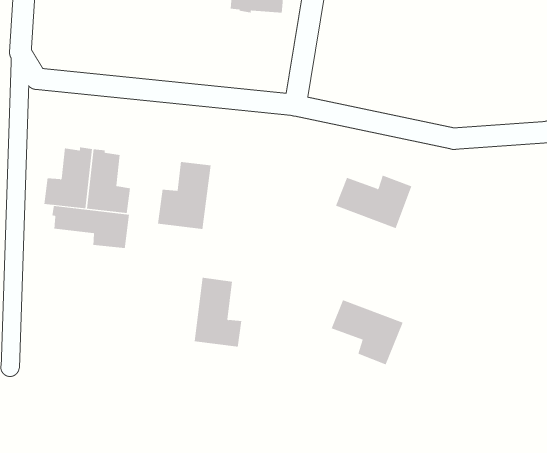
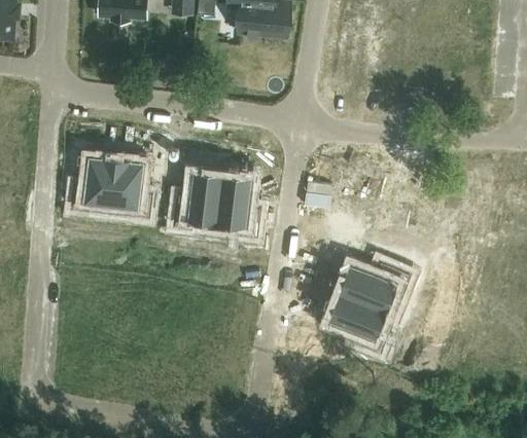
building: [335,175,412,229] -> [340,265,409,314]
building: [52,205,130,249] -> none
building: [194,277,242,347] -> [215,173,258,235]

